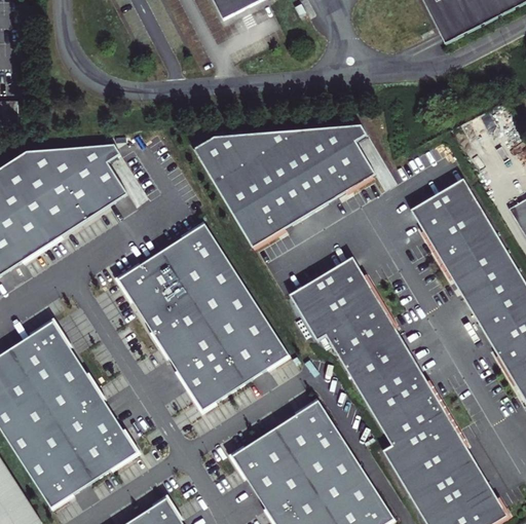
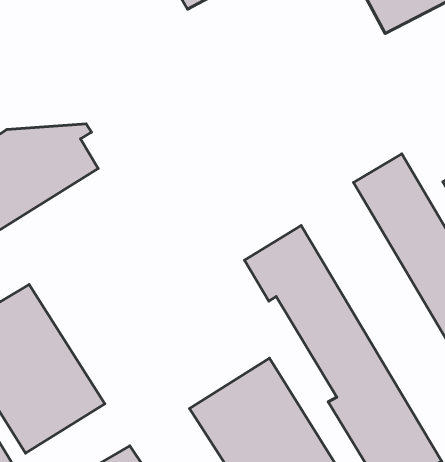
building: [193,119,376,246] -> none
building: [118,224,289,411] -> none

